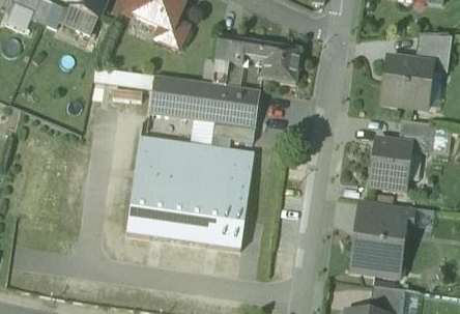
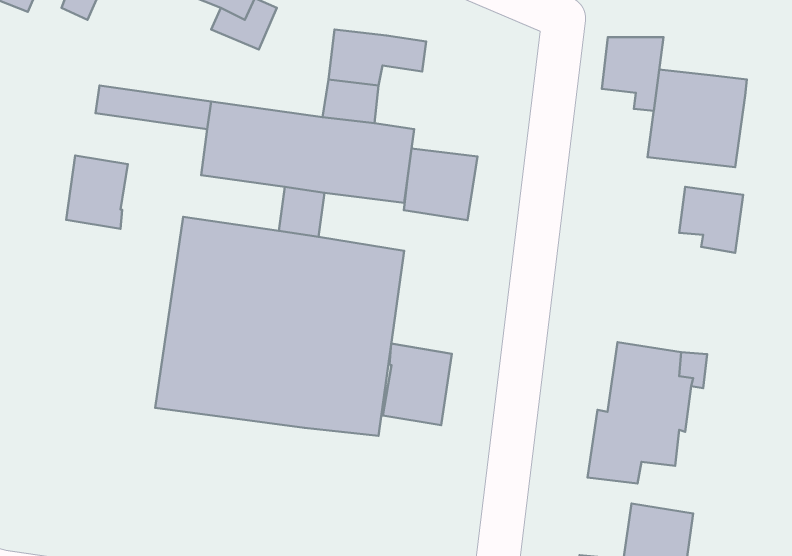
building: [415,34,448,73] -> [602,37,664,111]
building: [262,44,300,81] -> [404,149,477,220]
building: none -> [66,156,128,229]
building: [371,140,410,190] -> none
building: none -> [383,344,452,425]

